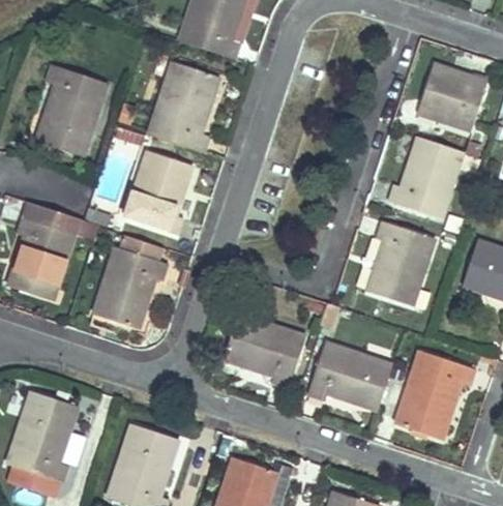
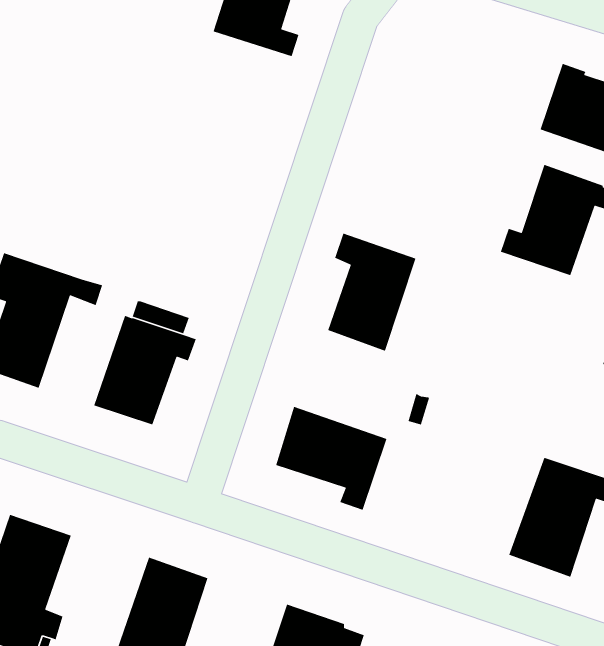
building: [148,61,217,153] -> none
building: [40,64,109,157] -> none
building: [126,150,190,235] -> none
building: [369,219,435,306] -> [327,232,417,352]
building: [307,341,392,407] -> none

